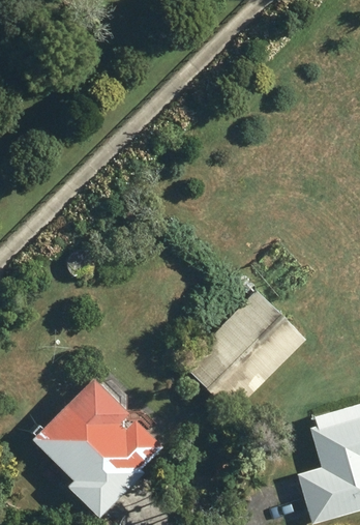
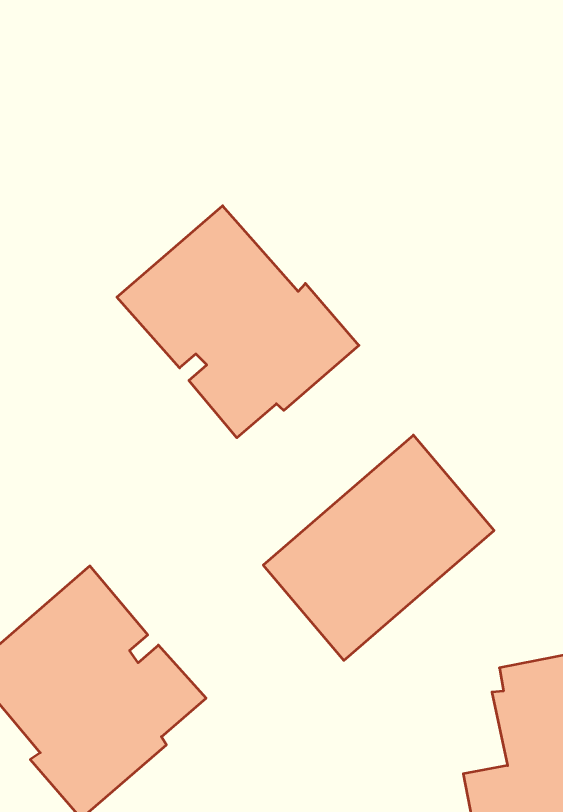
building: none -> [117,206,359,438]

